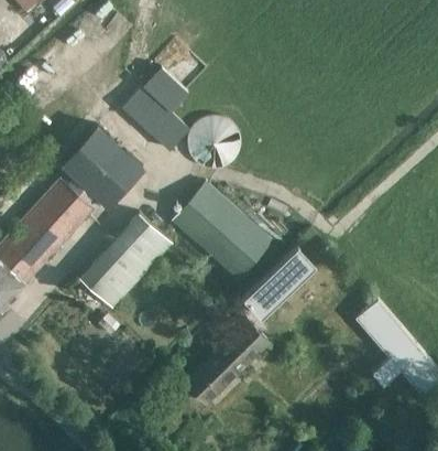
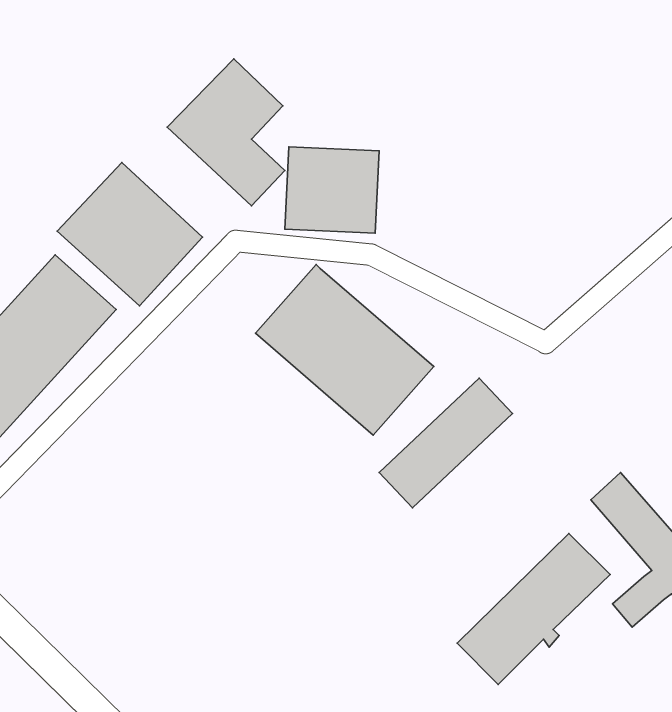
building: [79,213,172,309] -> none
building: [183,320,269,405] -> [457,533,610,684]

